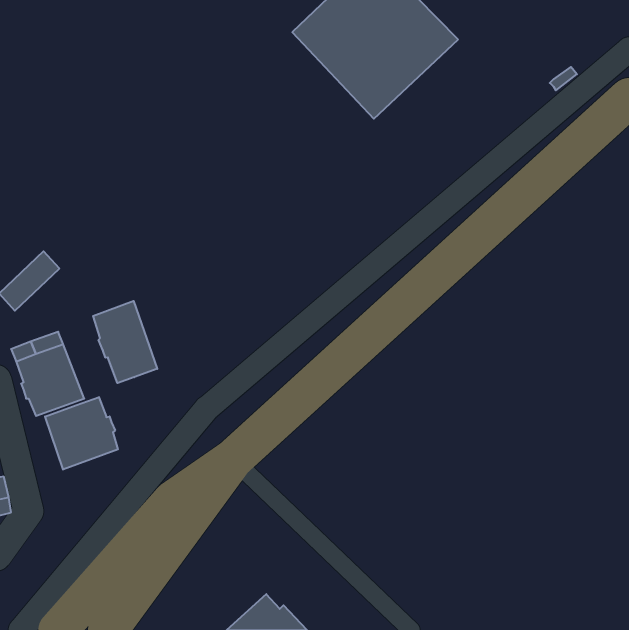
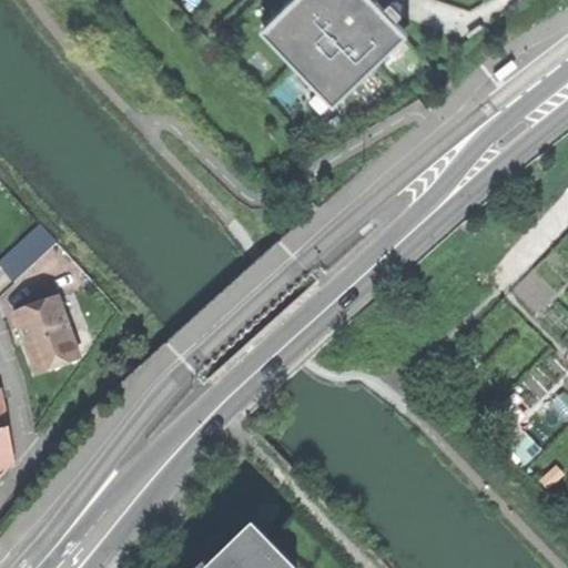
building: [93,301,157,383] -> none
building: [45,397,118,470] -> none

